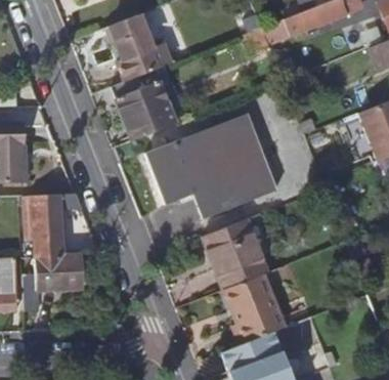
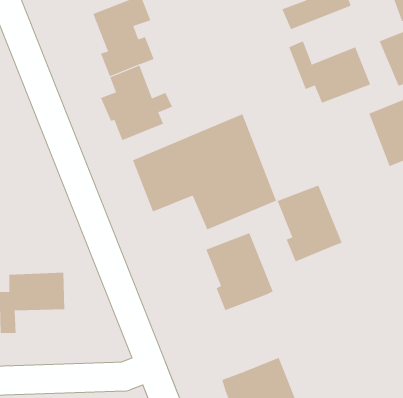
building: none -> [289,41,371,103]
building: [30,196,82,257] -> none
building: [227,276,287,345] -> [277,185,343,262]

